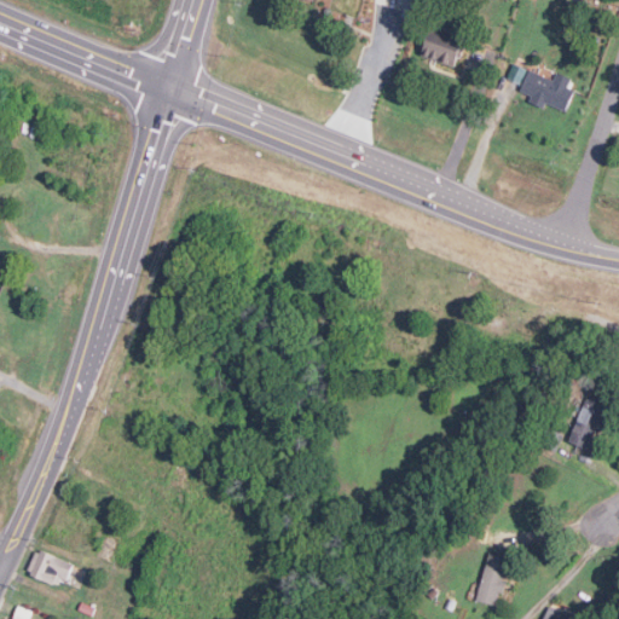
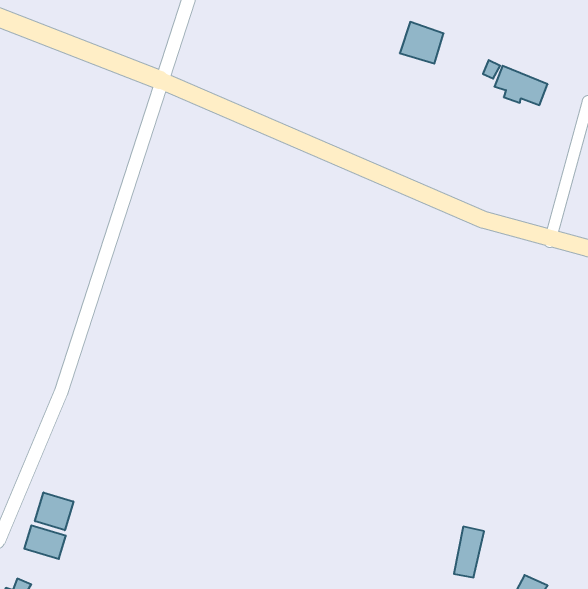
building: [566,393,608,451] -> none
building: none -> [35,492,73,530]

